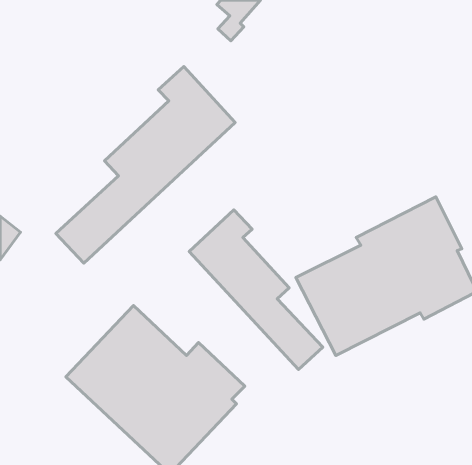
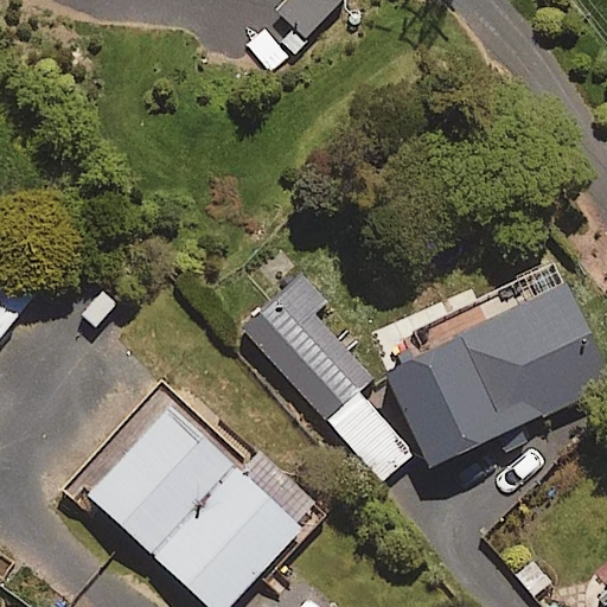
building: [56,66,235,263] -> none

